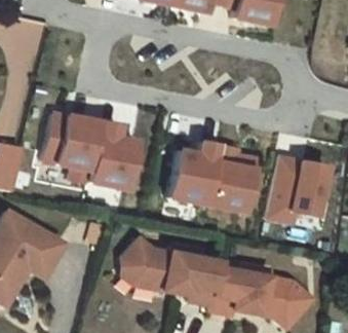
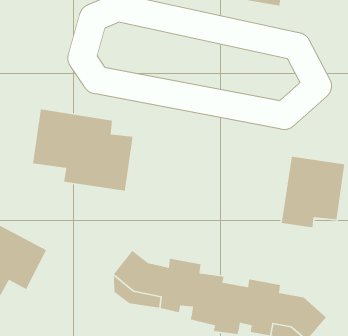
building: [175,144,258,213] -> none

